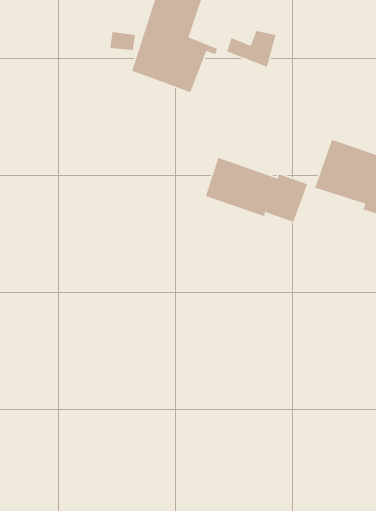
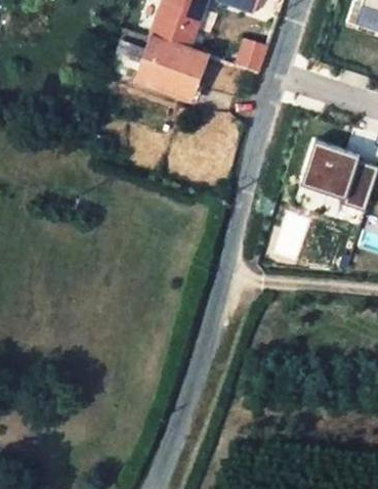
building: [205,157,308,223] -> none

